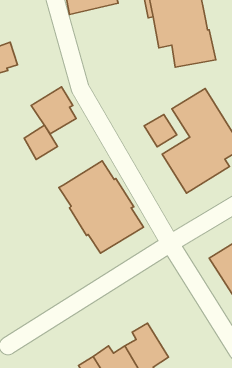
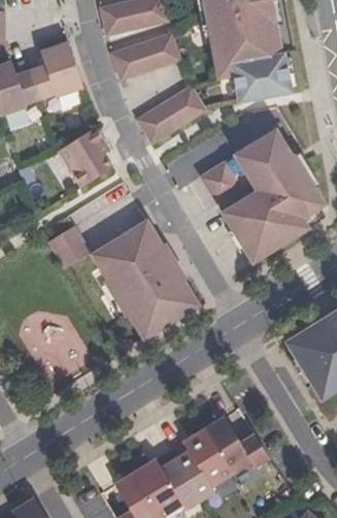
building: none -> [112,33,180,79]
building: none -> [31,42,83,99]
building: none -> [137,87,206,143]
building: [24,125,57,159] -> [49,225,92,268]
building: none -> [205,414,269,471]

